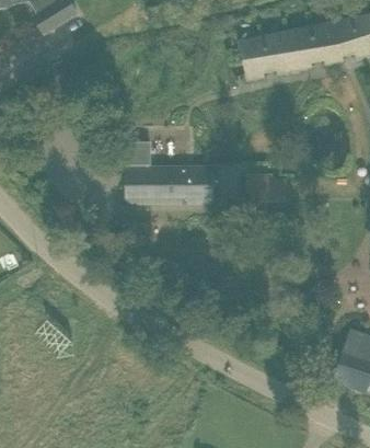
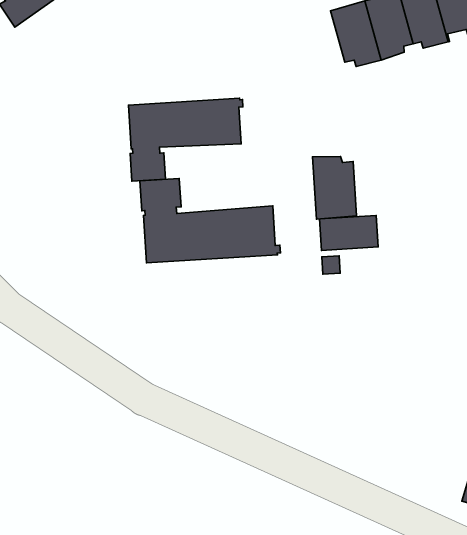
building: [238,35,269,81] -> none
building: none -> [129,98,243,181]
building: none -> [313,156,357,219]

